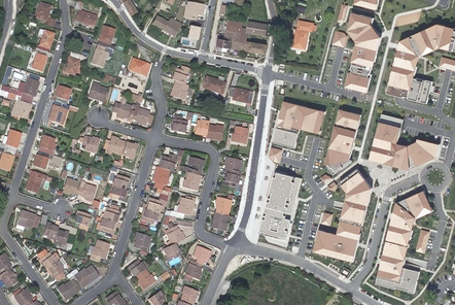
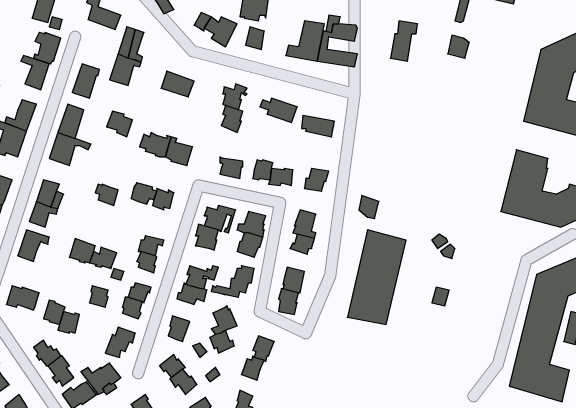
building: [348,11,385,91] -> none
building: [275,100,327,147] -> none
building: [327,108,363,174] -> none
building: [314,167,376,261] -> none

